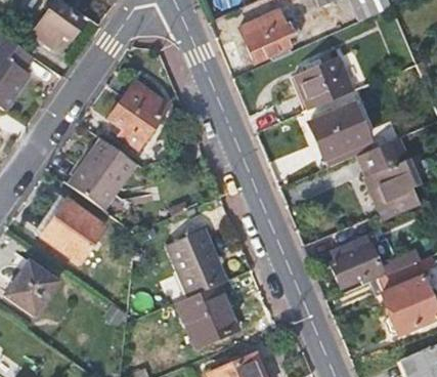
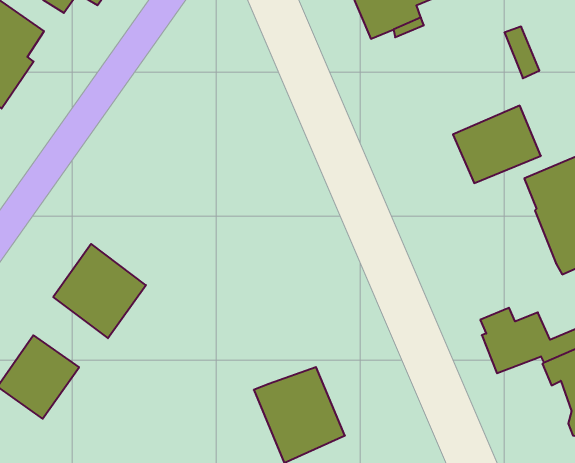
building: [294,56,352,111] -> none
building: [108,80,167,146] -> none
building: [69,137,137,211] -> none
building: [167,227,227,294] -> none

